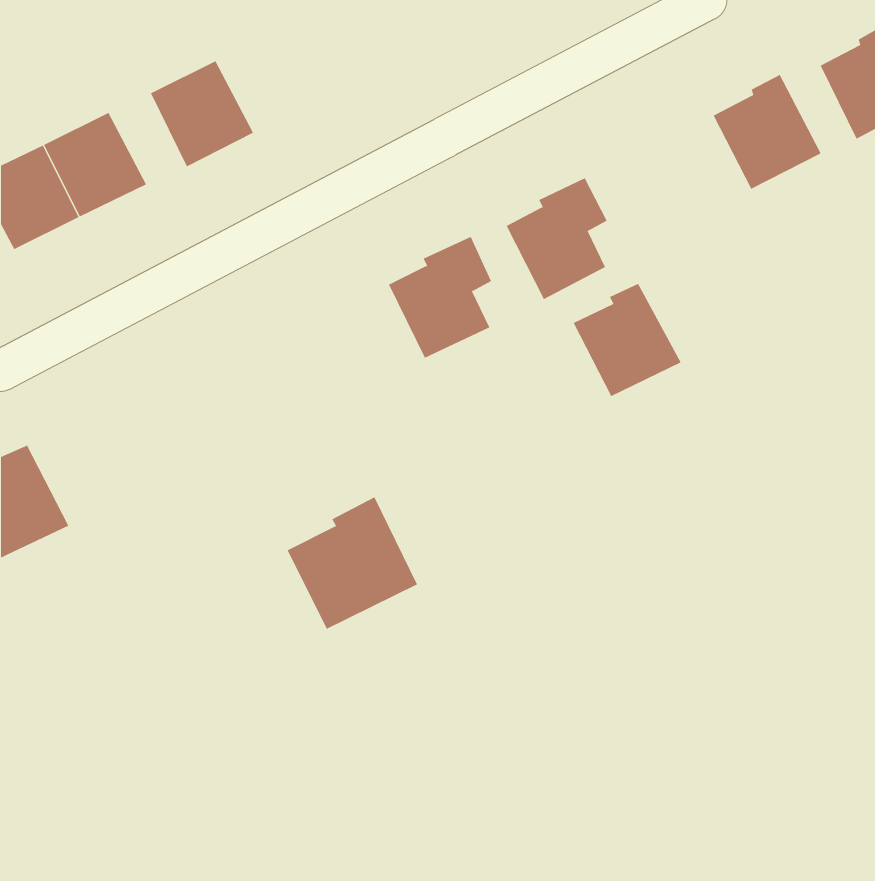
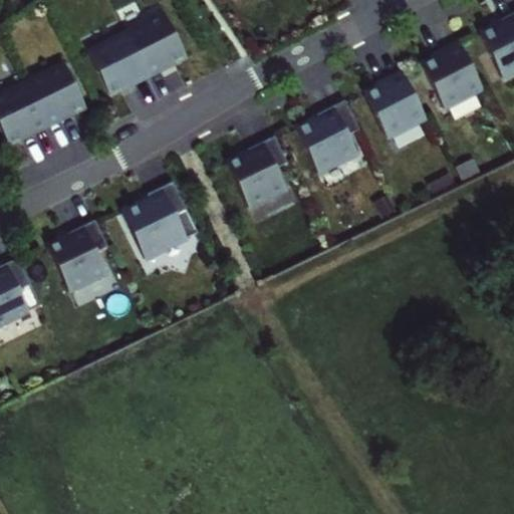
building: none -> [130,15,190,77]
building: [573,283,682,397] -> [362,73,426,140]
building: none -> [50,221,111,292]
building: [287,497,418,629] -> [124,183,201,260]

